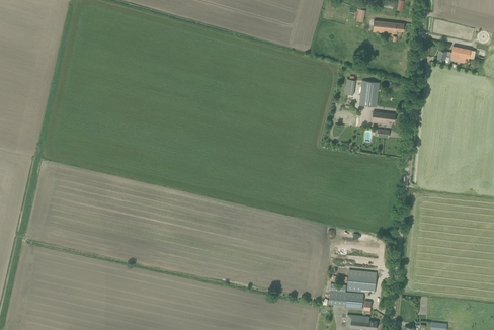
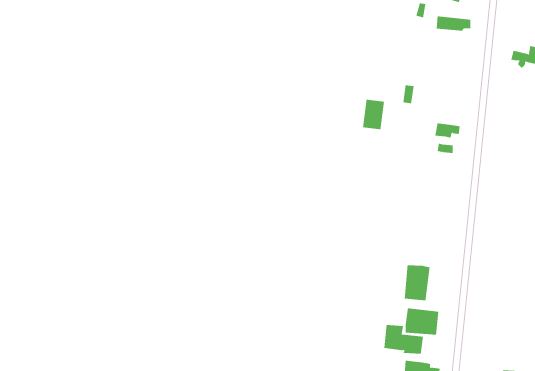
building: [359,81,379,107] -> [362,99,385,130]
building: none -> [404,264,430,301]

